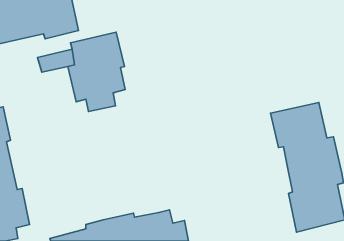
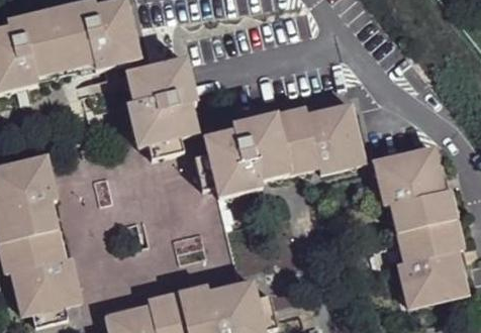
building: none -> [193,102,364,195]

